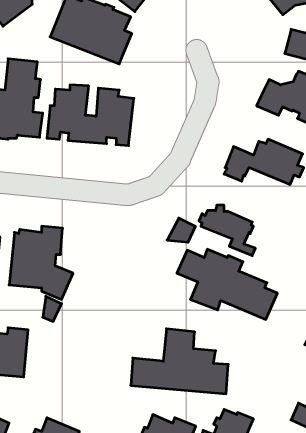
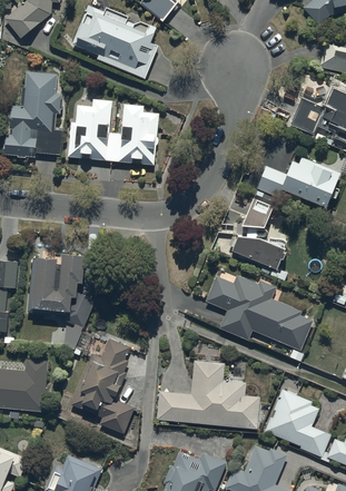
building: [167,218,195,242] -> [243,197,273,223]
building: none -> [70,338,136,434]
building: none -> [265,380,332,458]

